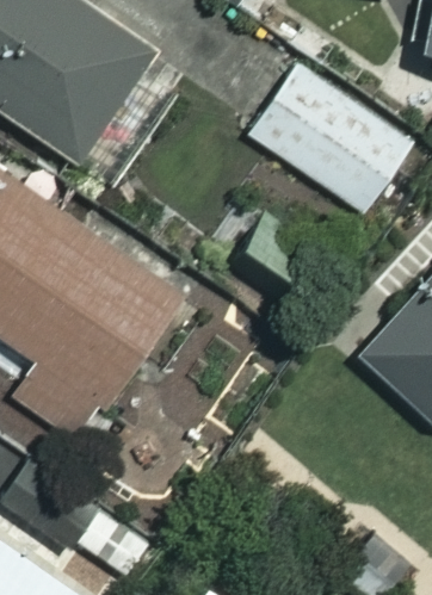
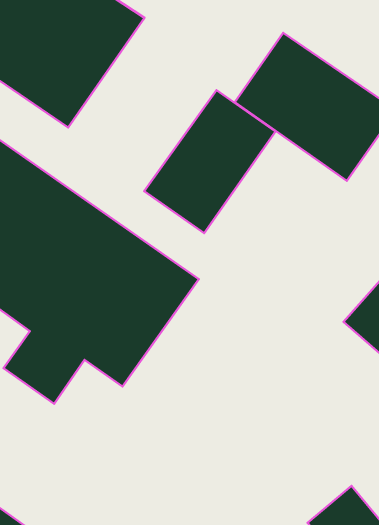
building: none -> [144,90,275,233]

